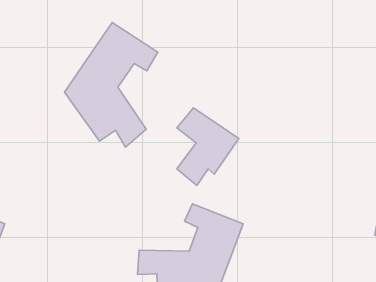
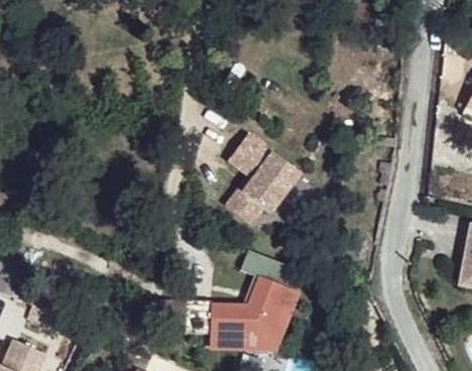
building: [65,22,158,147] -> none

